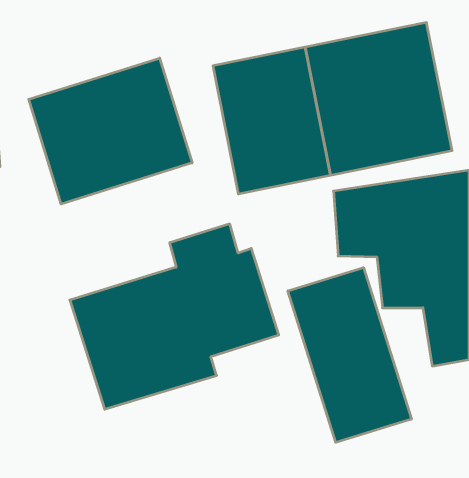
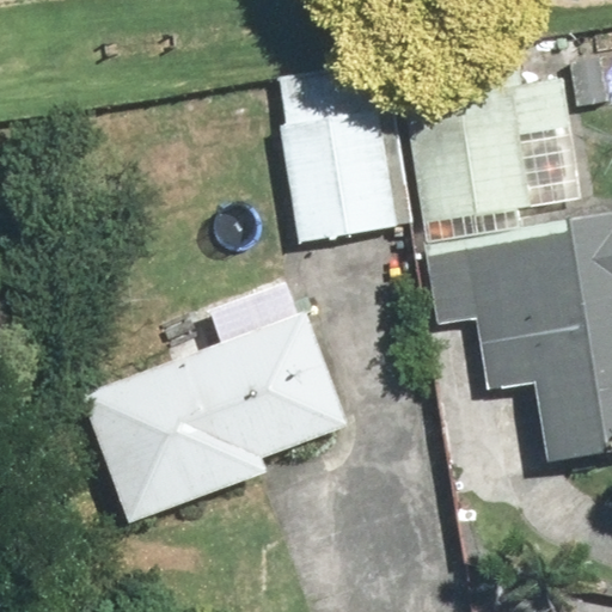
building: [29,58,192,204] -> none
building: [288,268,411,442] -> none

